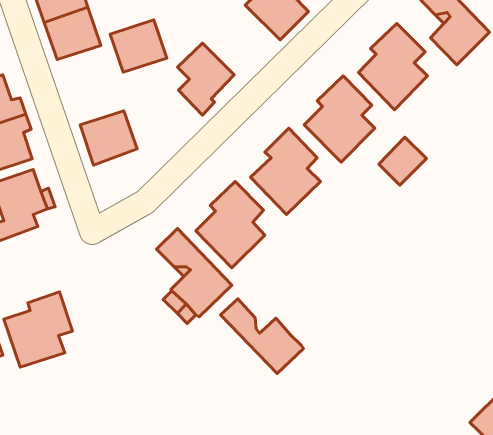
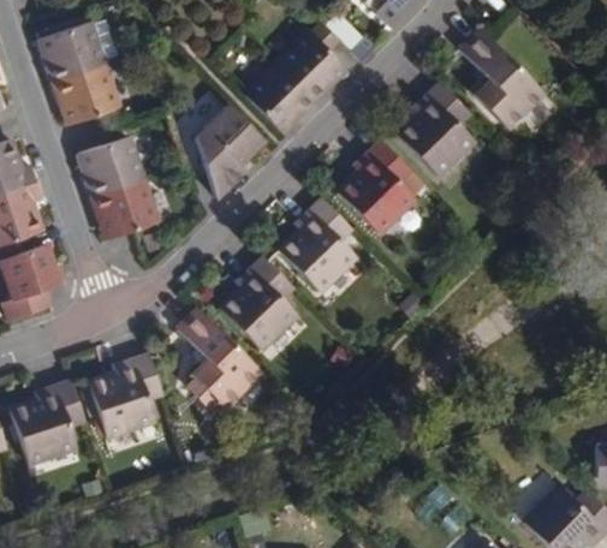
building: none -> [244,62,314,132]
building: [110,20,167,72] -> [79,137,142,195]
building: [379,137,426,185] -> none
building: none -> [89,352,165,436]
building: [220,299,303,374] -> none

